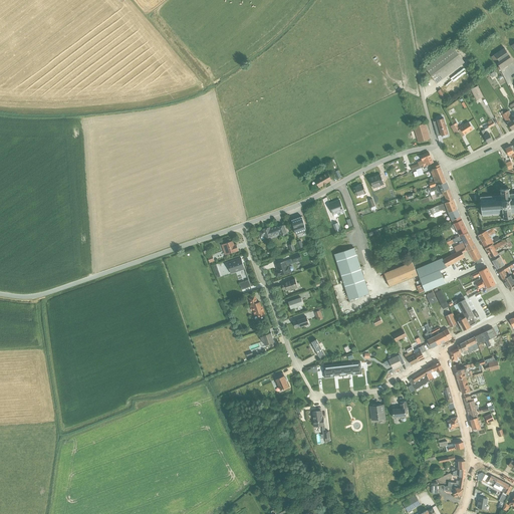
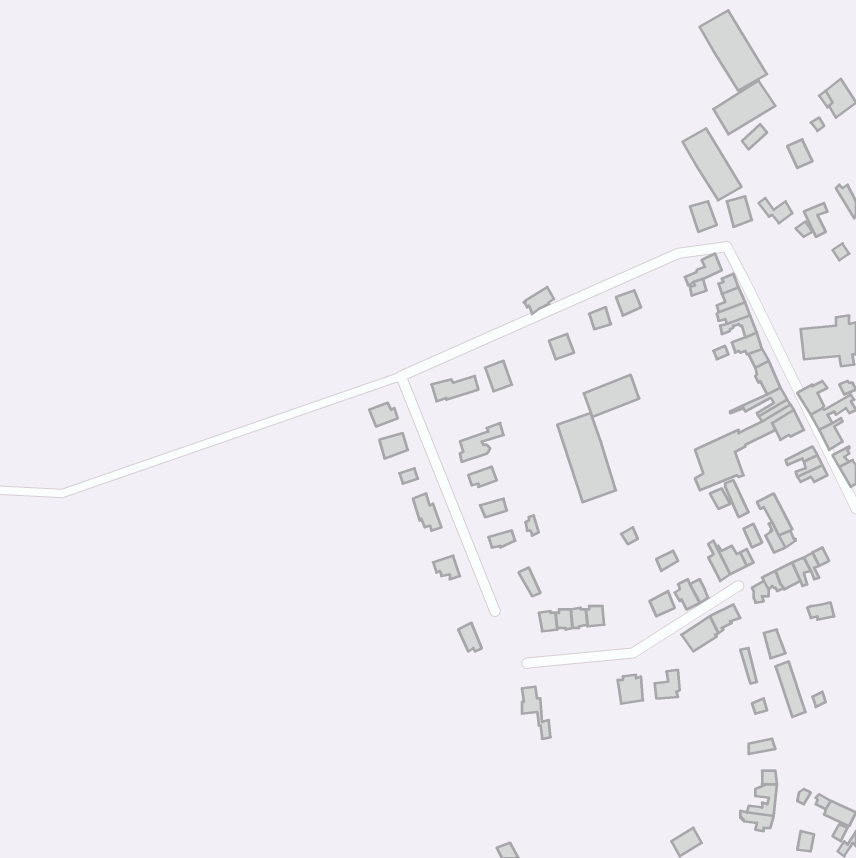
building: none -> [700,10,767,91]
building: none -> [683,128,741,200]
building: [383,261,417,286] -> [584,375,639,417]

